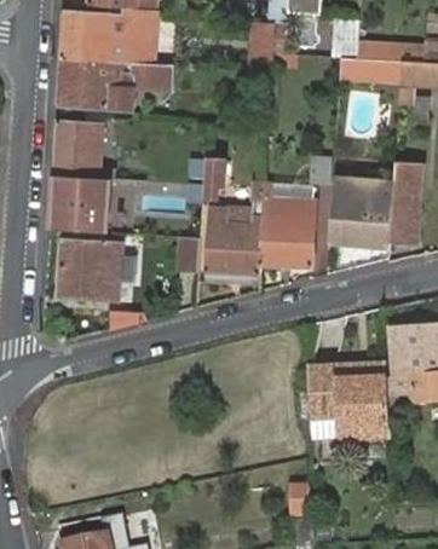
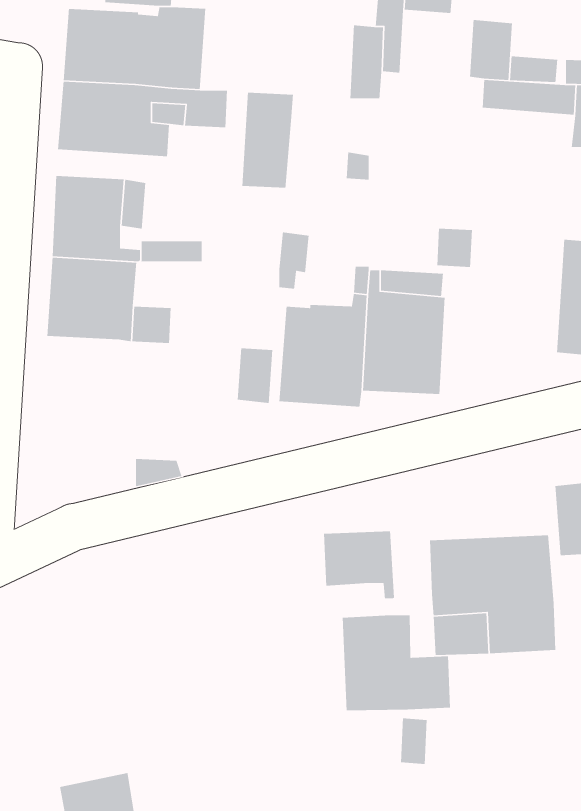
building: none -> [241,92,294,188]
building: [332,177,393,247] -> none
building: [57,239,122,300] -> none
building: none -> [323,531,395,599]
building: none -> [342,614,451,711]

